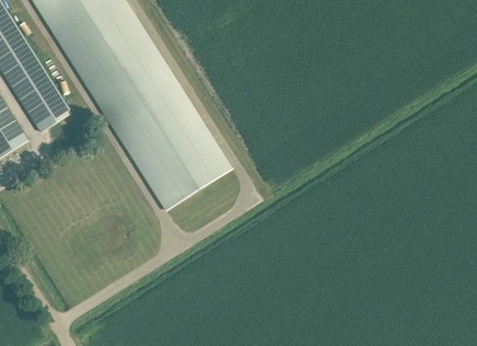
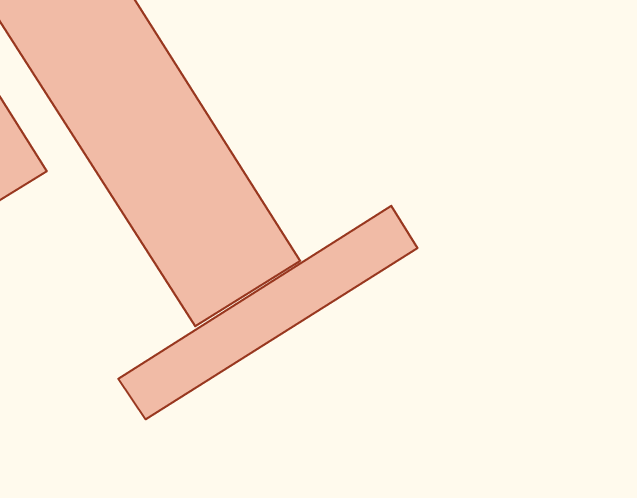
building: none -> [118,206,417,419]

